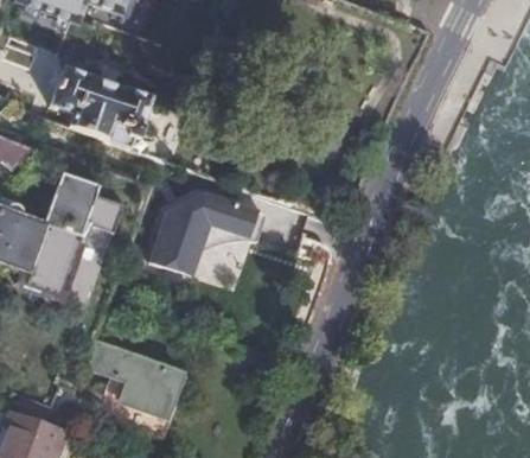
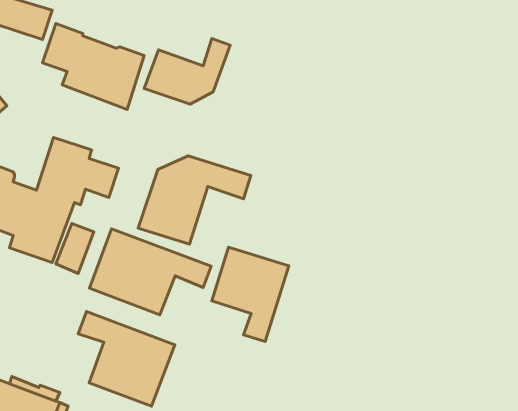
building: none -> [144,39,230,104]
building: none -> [90,229,211,315]
building: none -> [212,247,289,342]

